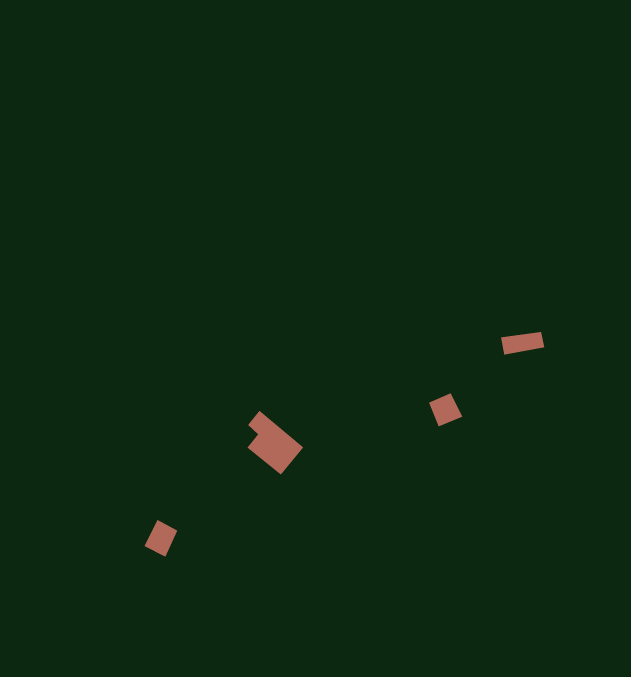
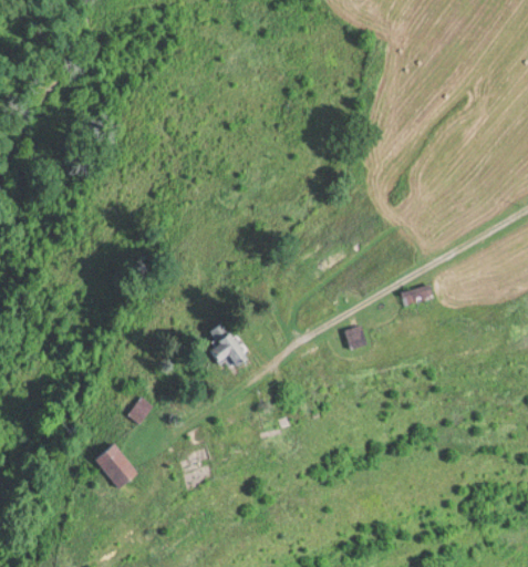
building: none -> [93,442,139,489]

